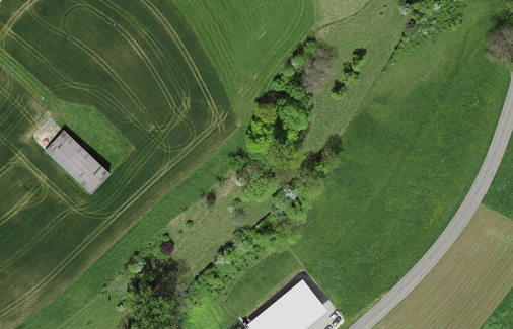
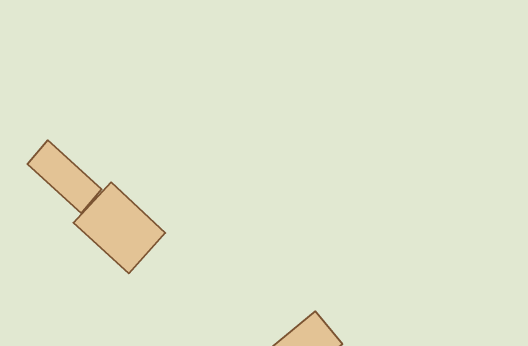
building: none -> [73,182,165,273]

